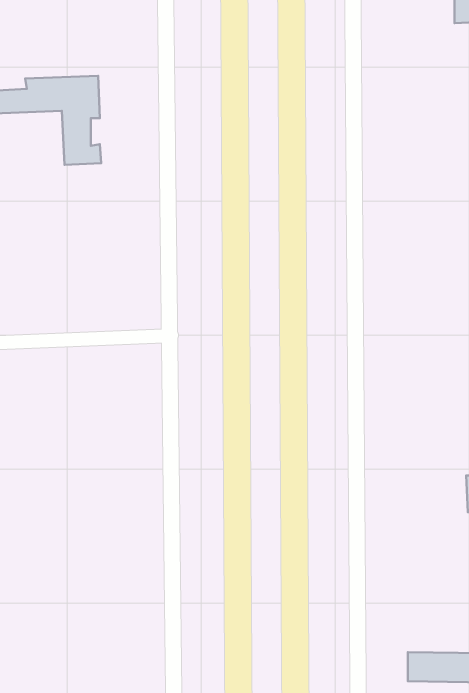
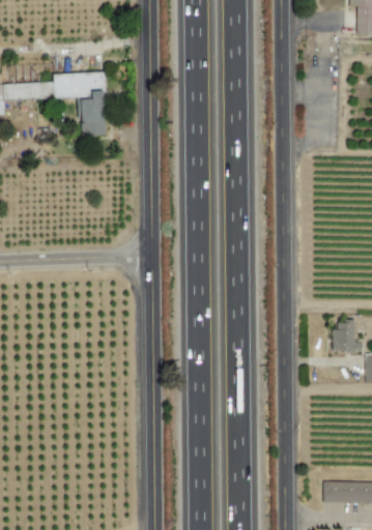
building: none -> [335,321,363,351]

